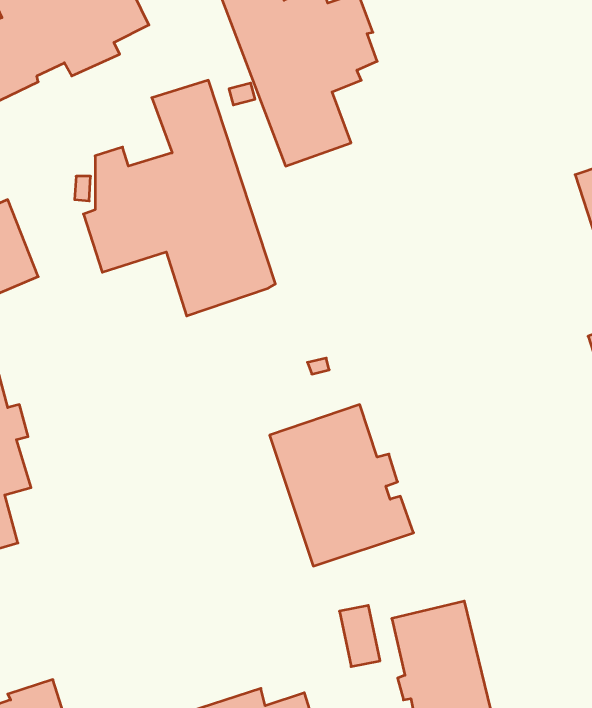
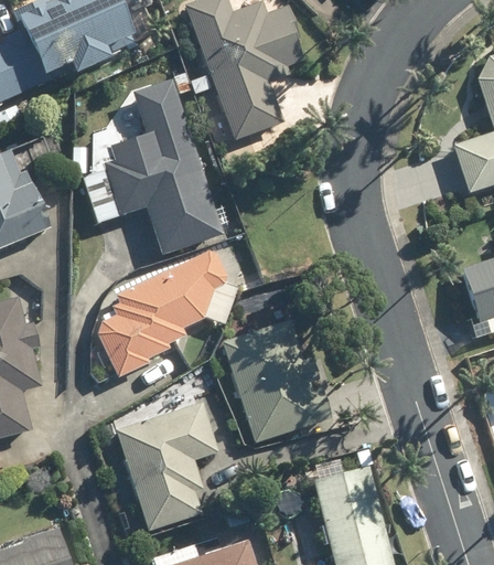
building: none -> [97,249,236,375]
building: none -> [116,405,221,533]

